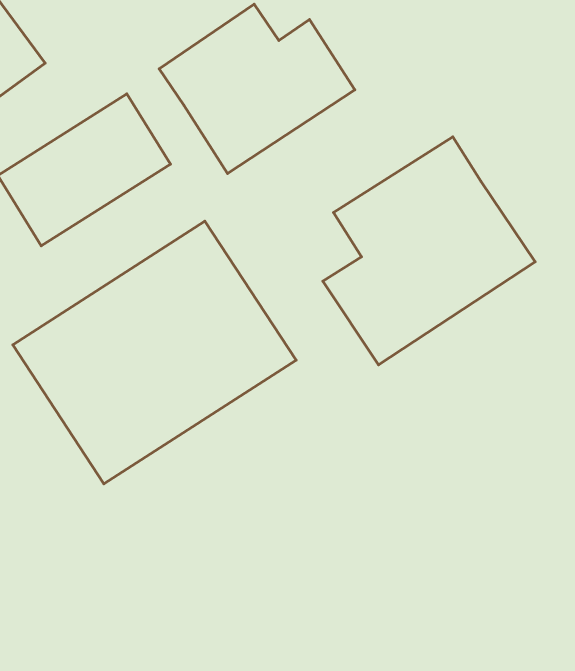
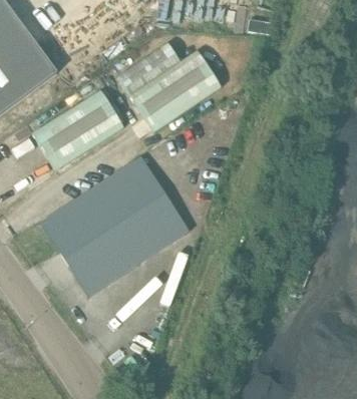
building: [323,137,535,365] -> none

